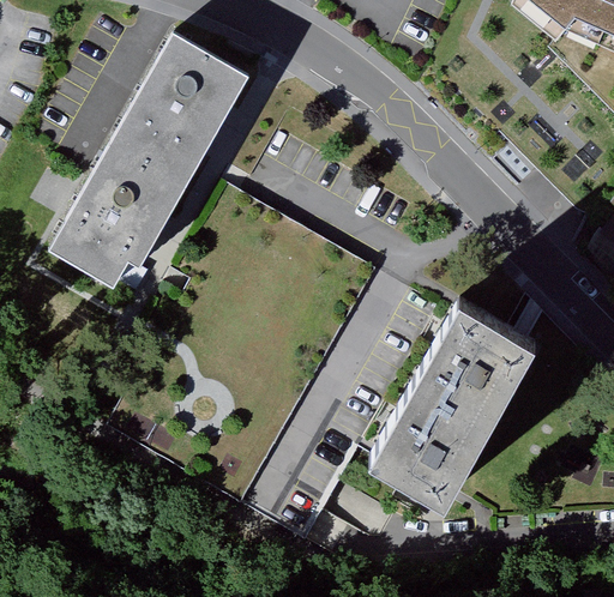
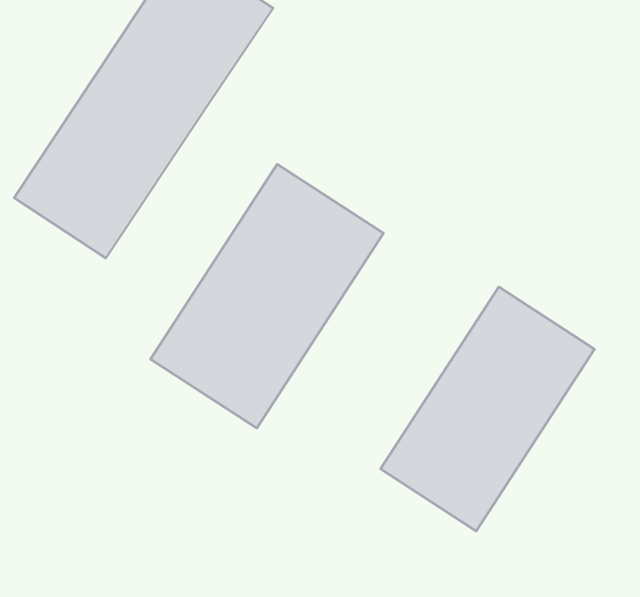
building: none -> [150,164,384,428]

